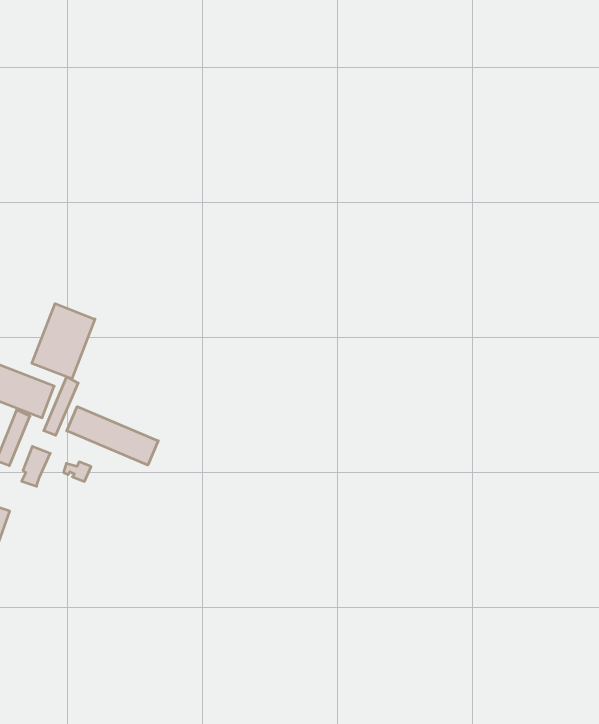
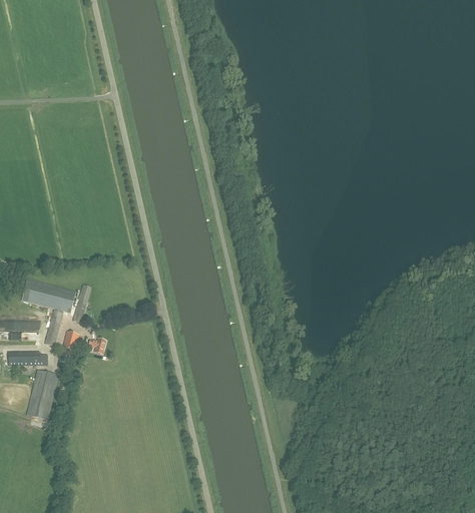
building: [32,304,95,379] -> none
building: [67,407,158,465] -> none

